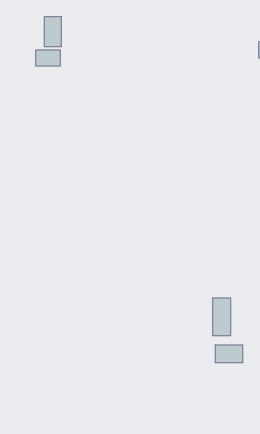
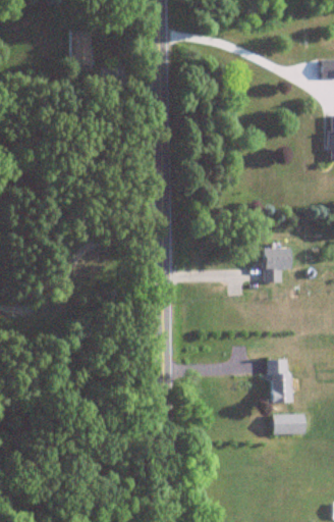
building: [36,50,60,66] -> none
building: none -> [265,247,292,281]

